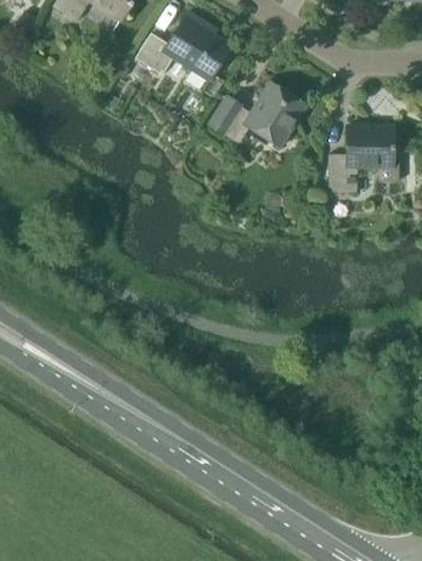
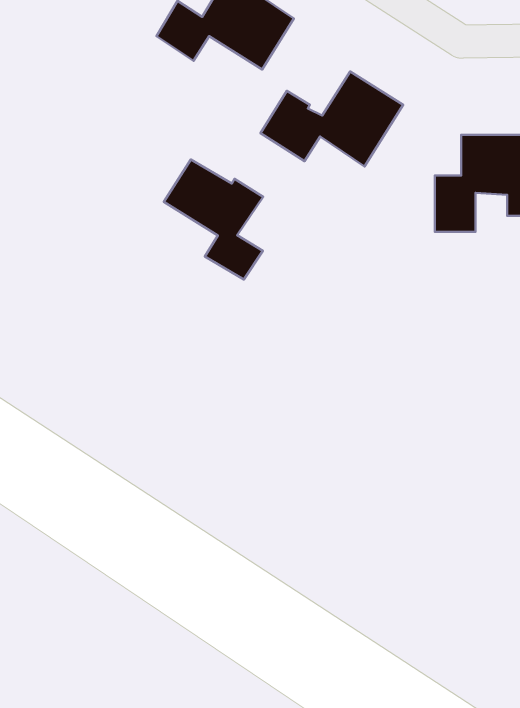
building: none -> [164,159,263,280]

